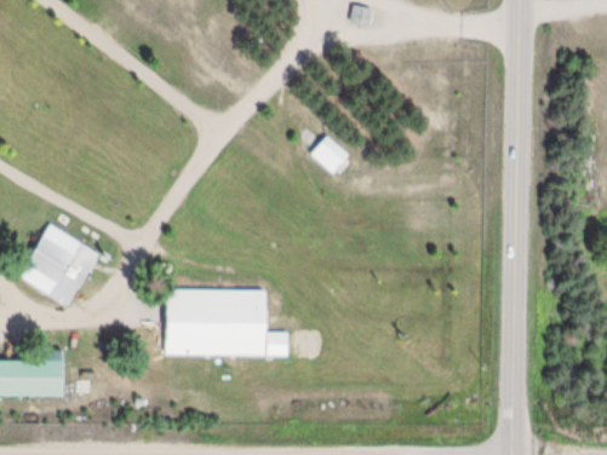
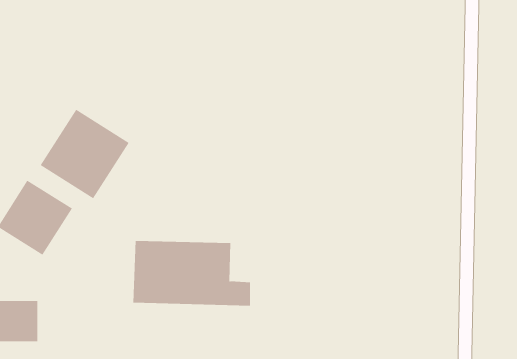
building: [310,134,348,172] -> none
building: none -> [40,109,130,199]

